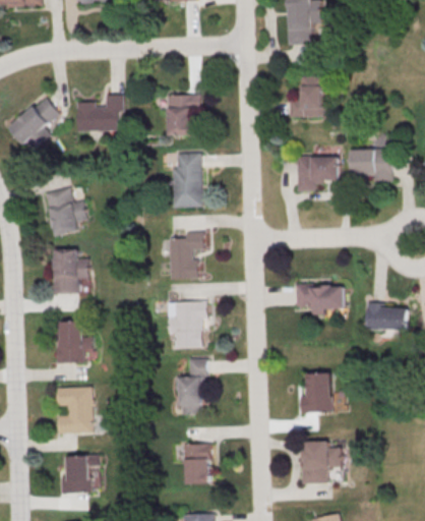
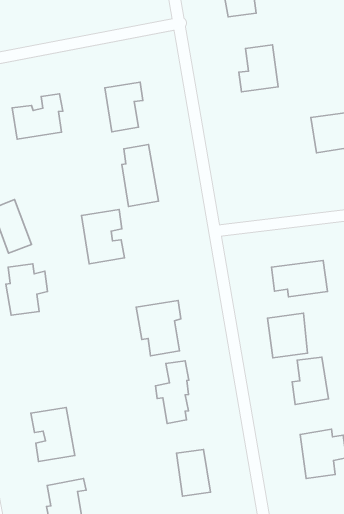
building: [297,156,340,190] -> none
building: [170,231,205,278] -> [82,209,125,264]
building: [54,322,90,363] -> none
building: none -> [267,313,308,358]

